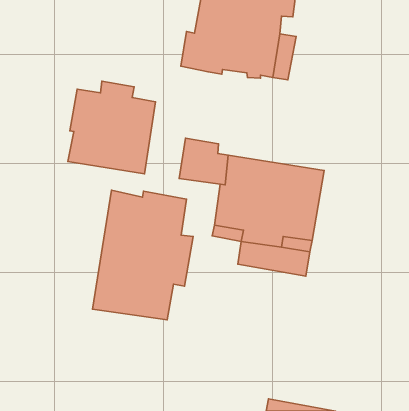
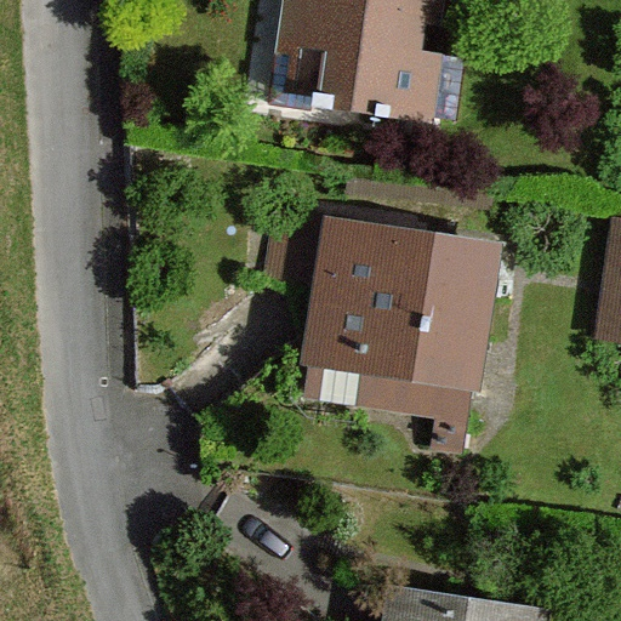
building: [68,81,155,174] -> none
building: [92,190,193,320] -> none

